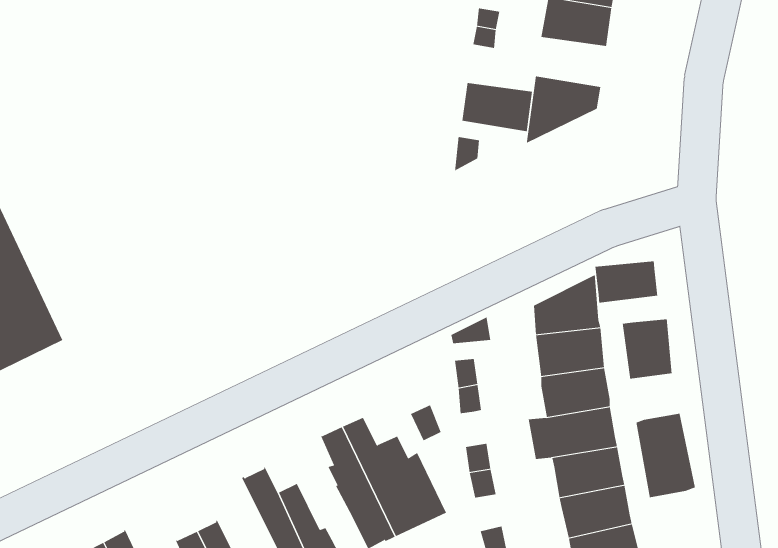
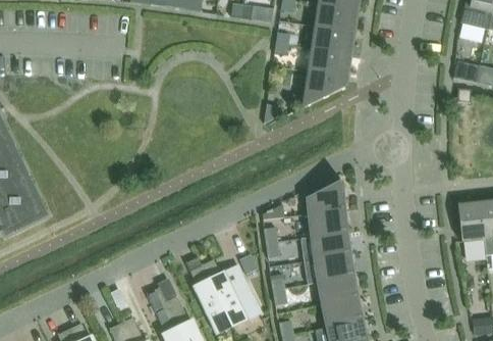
building: [461,82,533,132] -> [309,48,348,76]
building: [595,260,658,303] -> none
building: [622,318,672,380] -> none
building: [636,413,696,498] -> none

